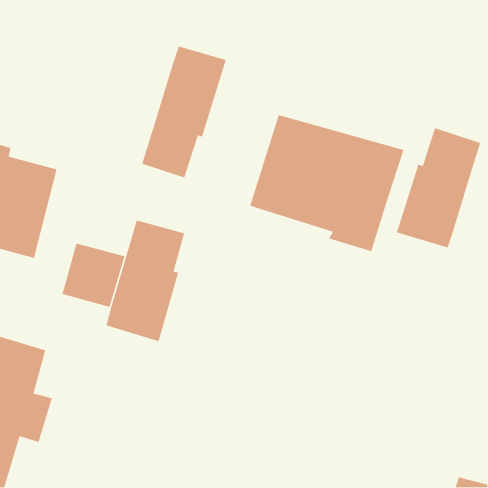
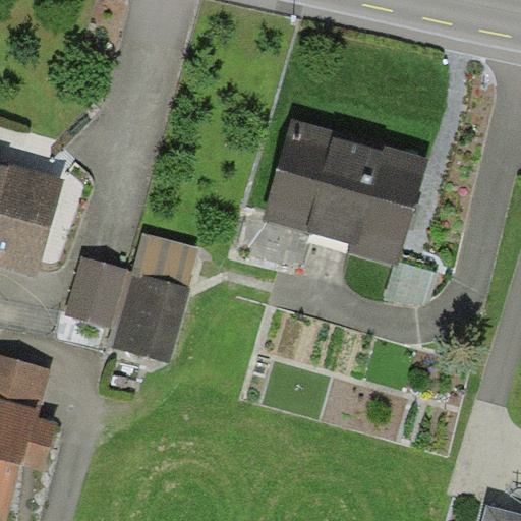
building: [141,45,227,179] -> none
building: [396,127,481,248] -> none

